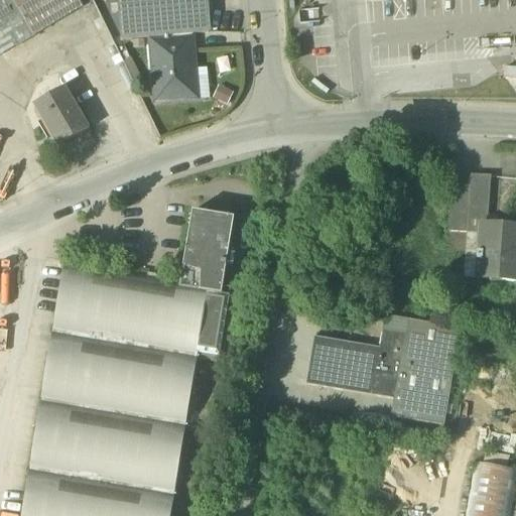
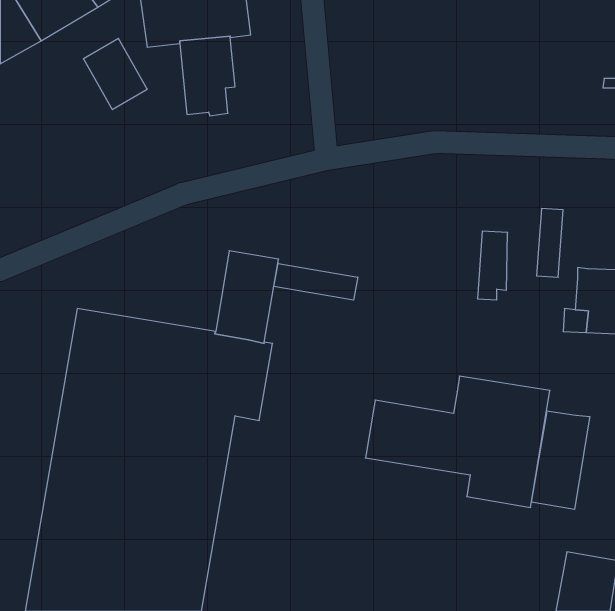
building: [35,87,89,146] -> [83,38,147,110]
building: [468,175,493,233] -> [477,231,508,300]
building: none -> [274,263,358,300]
building: none -> [532,411,590,509]

